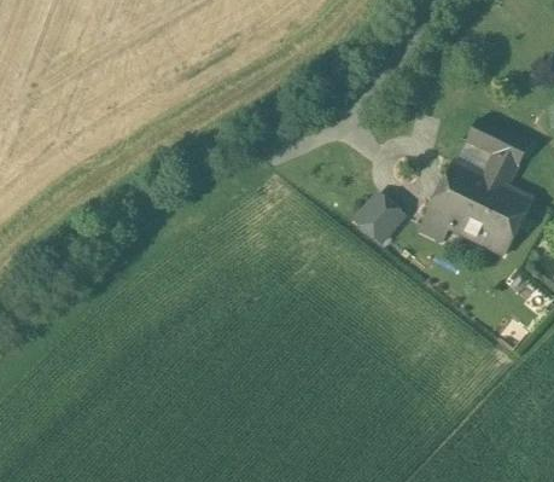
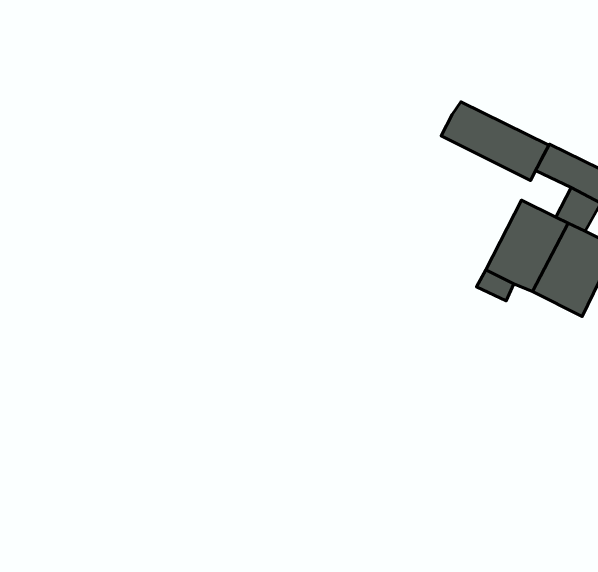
building: none -> [441,102,549,180]
building: [355,197,403,248] -> none

